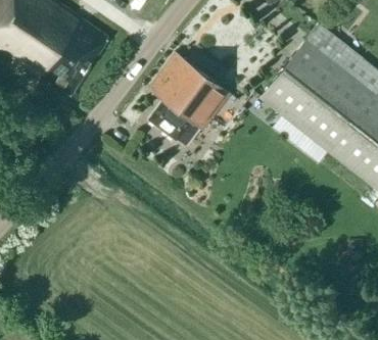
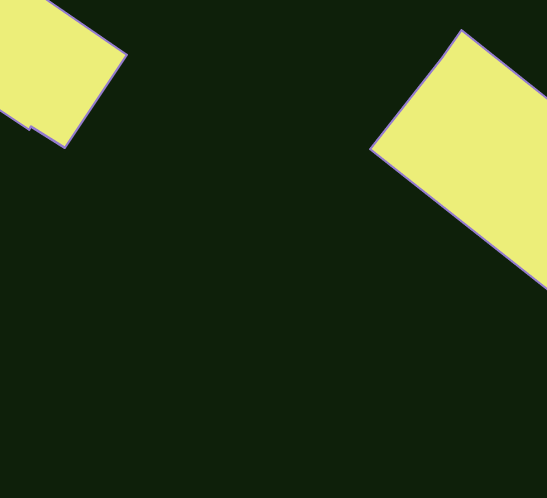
building: [146,52,228,145] -> none

